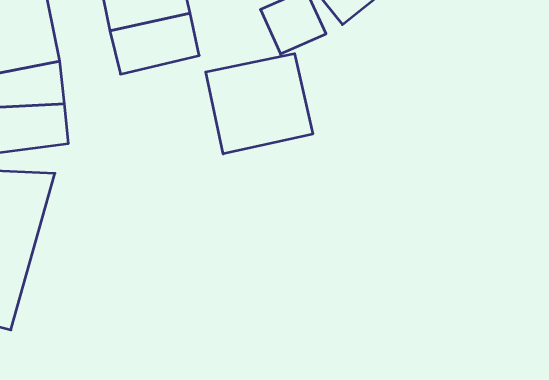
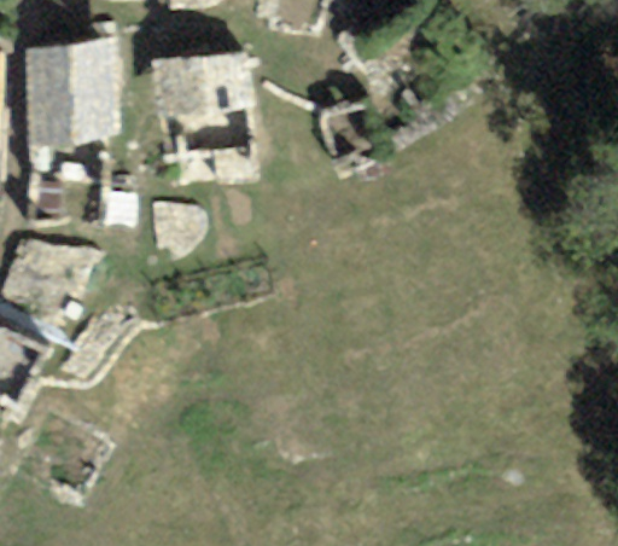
building: [206,54,313,154] -> none

